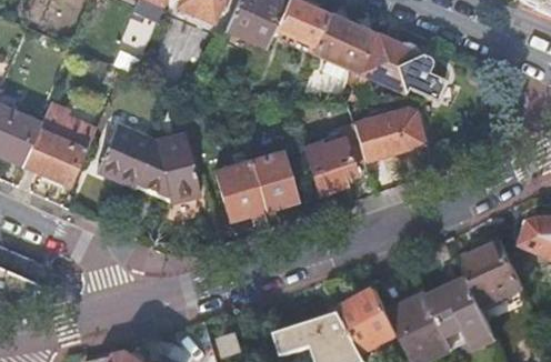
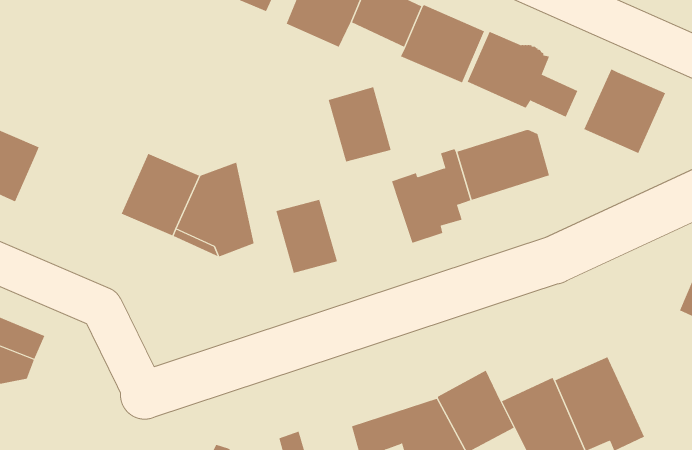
building: none -> [584,69,666,154]
building: [24,100,98,184] -> none
building: [252,151,300,208] -> [328,86,392,162]
building: [459,240,523,312] -> none

